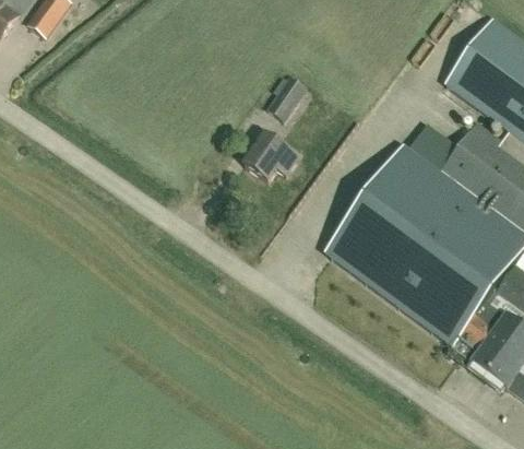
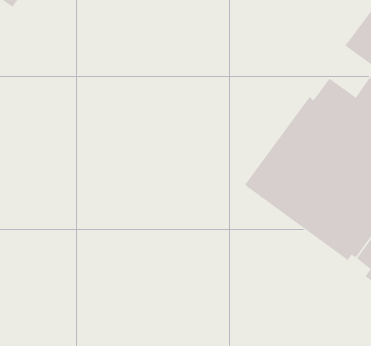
building: [266,73,306,119] -> none
building: [242,132,297,179] -> none

